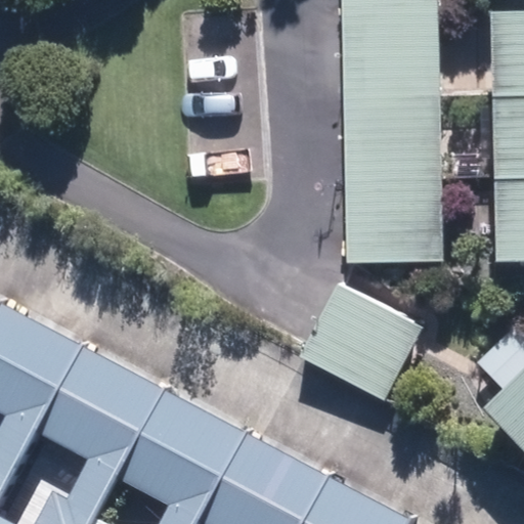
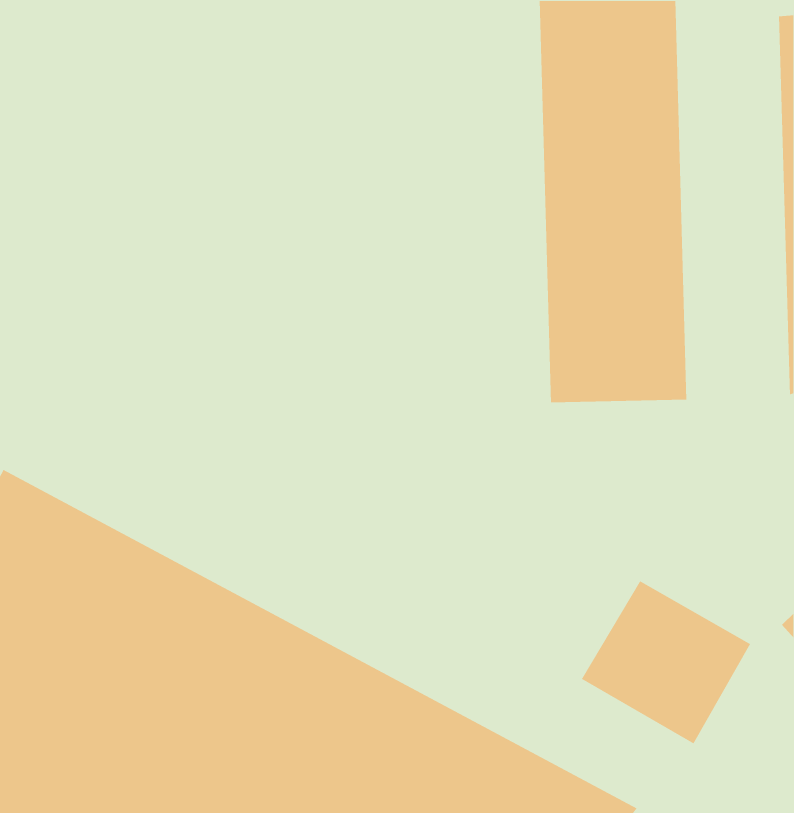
building: [302,292,411,397] -> [581,580,751,744]

